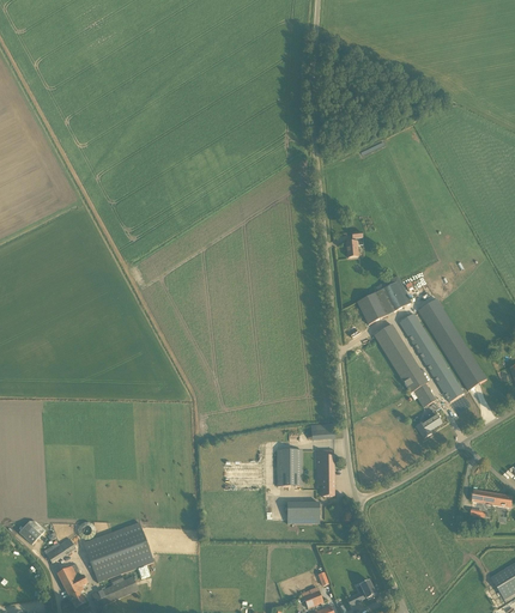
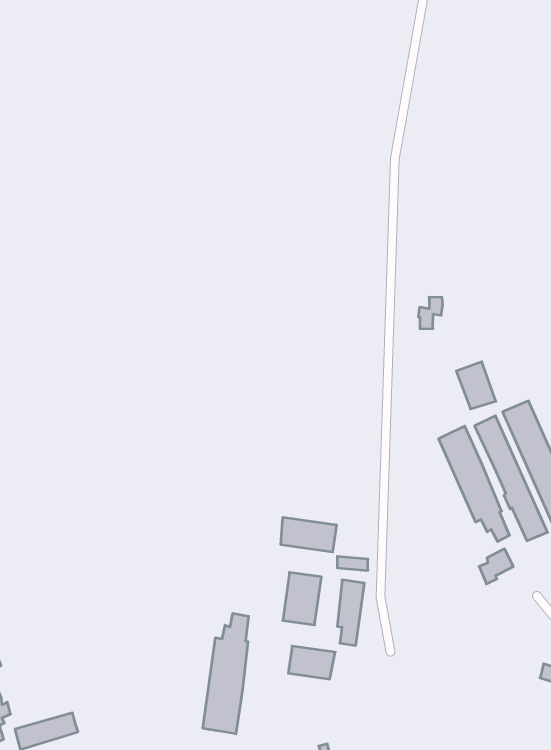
building: [356,291,386,322] -> none
building: none -> [281,517,336,552]
building: none -> [203,613,249,734]
building: [83,520,153,581] -> none

